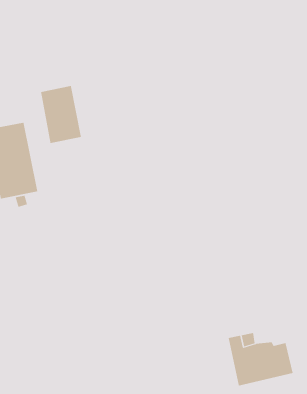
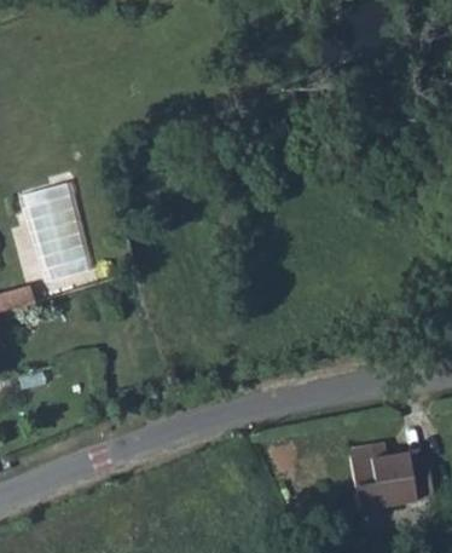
building: [41,85,81,144] -> none

